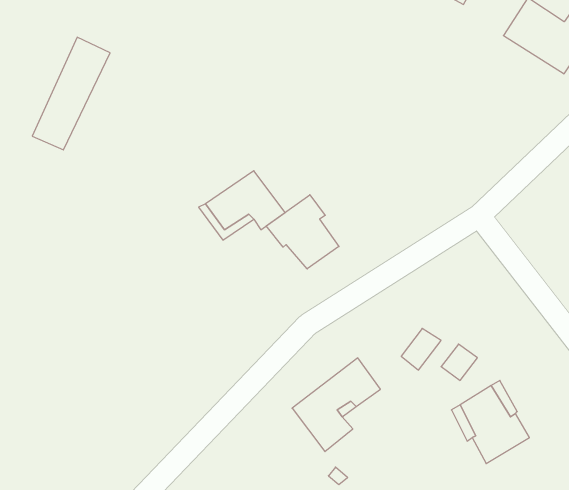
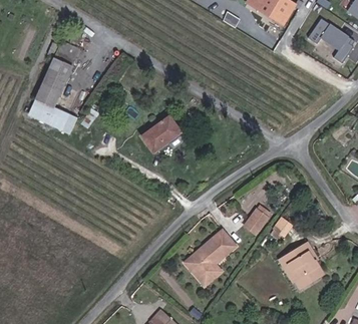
building: none -> [29,98,70,127]
building: [266,195,339,269] -> none

